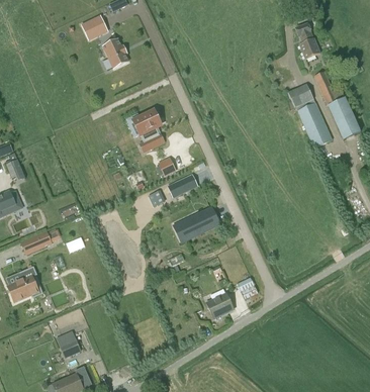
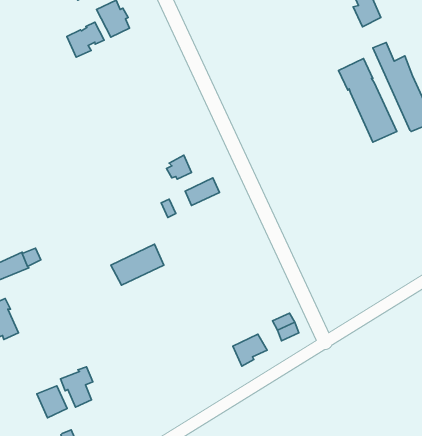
building: none -> [67,22,104,57]
building: [132,111,163,152] -> none
building: [177,208,217,239] -> [111,244,164,285]
building: none -> [60,367,93,407]

